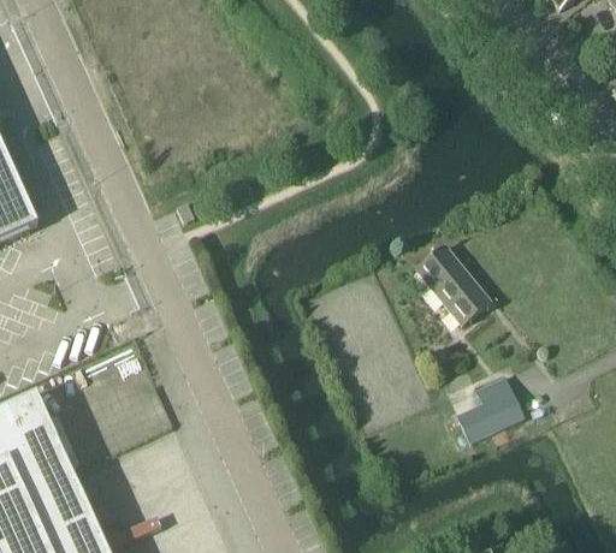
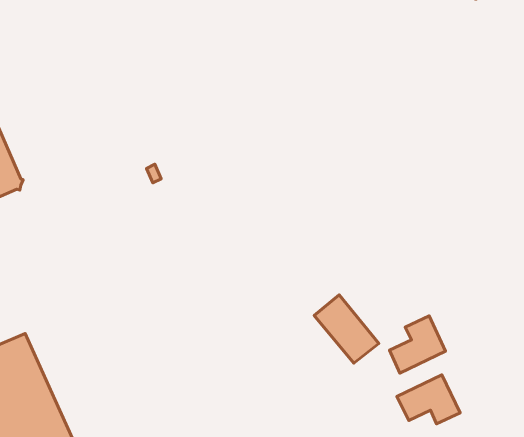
building: [415,244,490,323] -> [314,295,379,363]
building: none -> [397,375,460,424]

